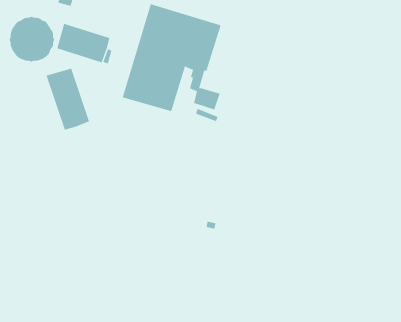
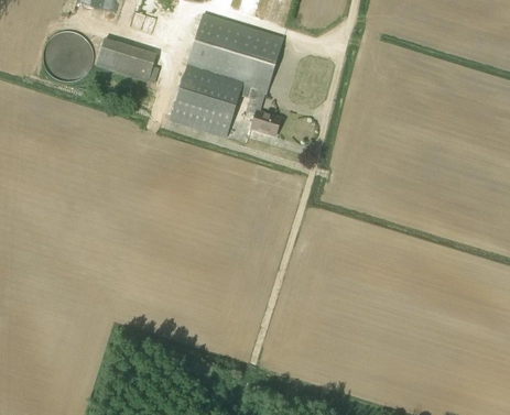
building: [46,68,90,131] -> none

